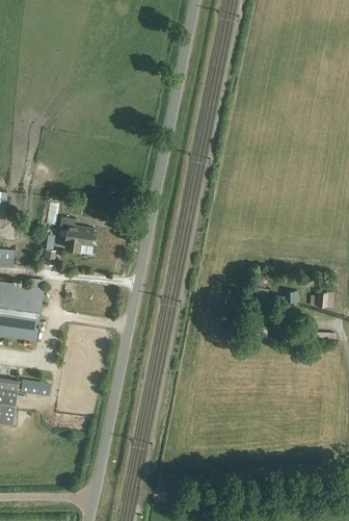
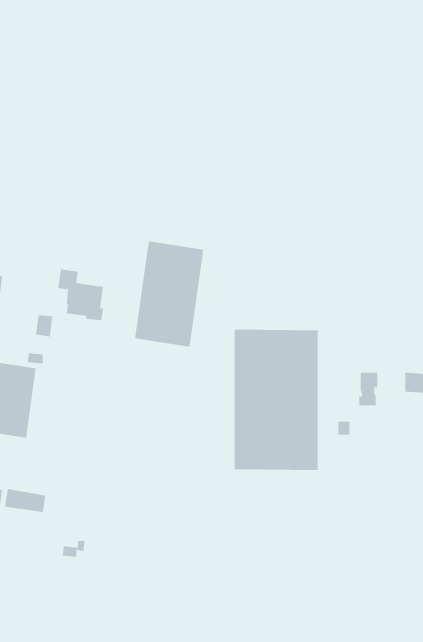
building: none -> [134,241,204,347]
building: none -> [234,329,318,471]

